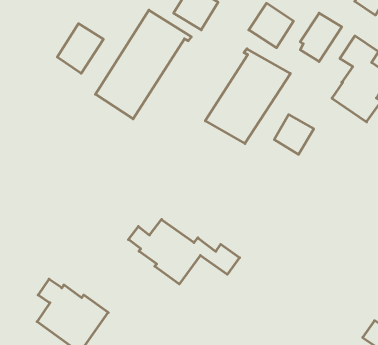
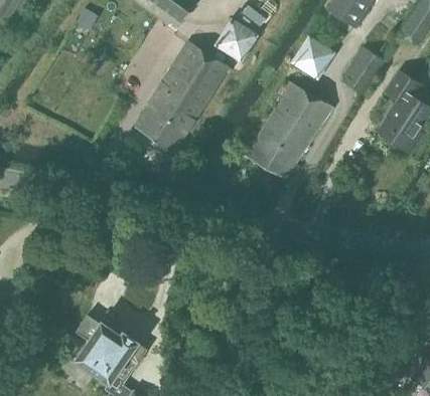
building: [57,24,103,73] -> none
building: [274,115,314,154] -> none
building: [128,219,240,284] -> none

